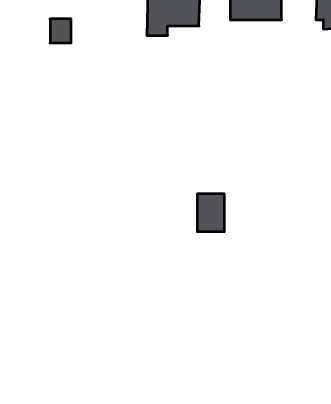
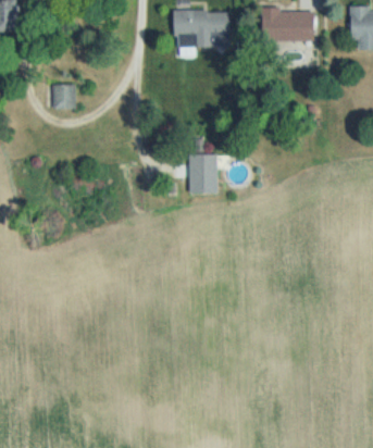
building: [50,19,71,43] -> [53,84,75,109]
building: [197,194,224,232] -> [189,153,217,192]

